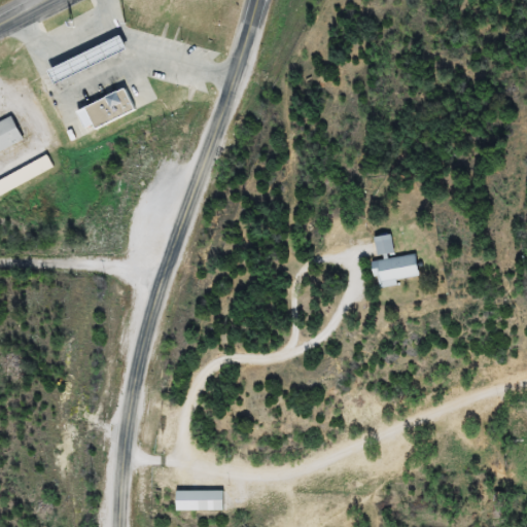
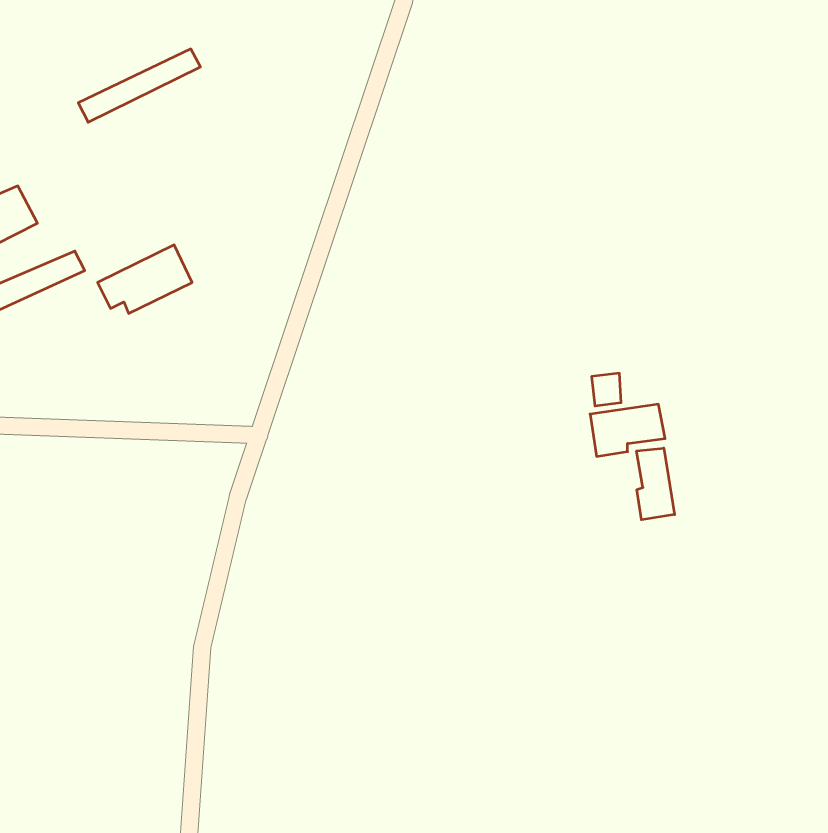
building: [77,82,137,126] -> [98,245,192,313]
building: none -> [637,448,675,520]
building: [176,492,223,512] -> none

